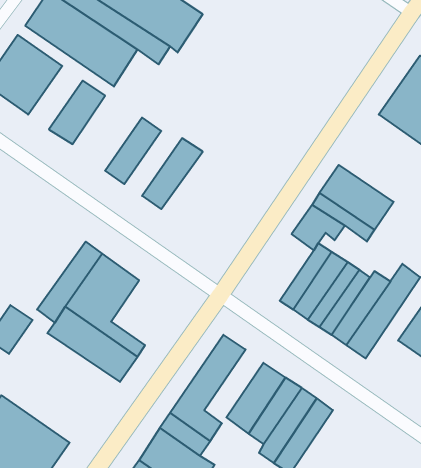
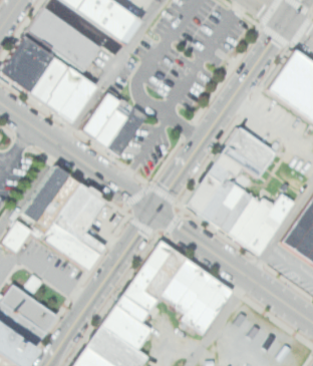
building: none -> [28,57,65,100]
building: none -> [58,77,94,120]
building: none -> [93,106,126,145]
building: none -> [20,166,67,223]
building: none -> [183,171,222,217]
building: none -> [147,250,188,300]

